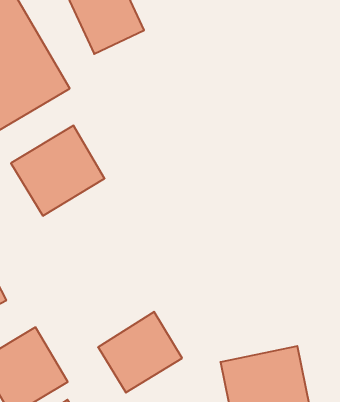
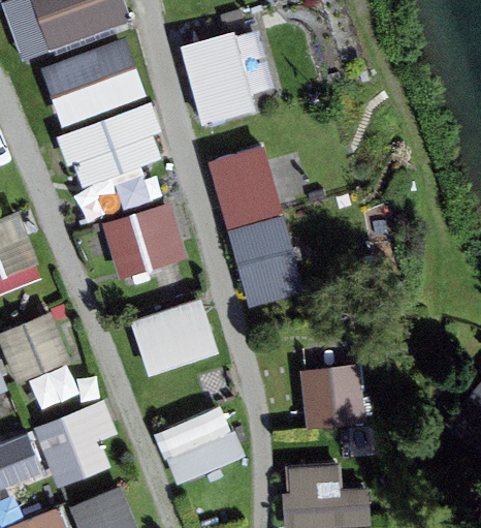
building: none -> [216,143,298,303]
building: none -> [131,301,217,373]
building: none -> [300,366,366,429]

